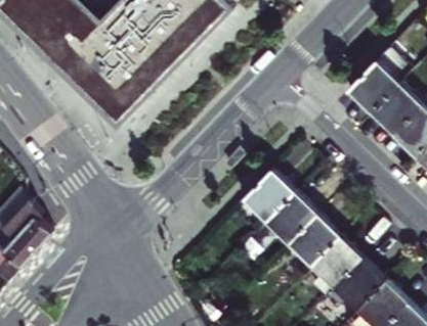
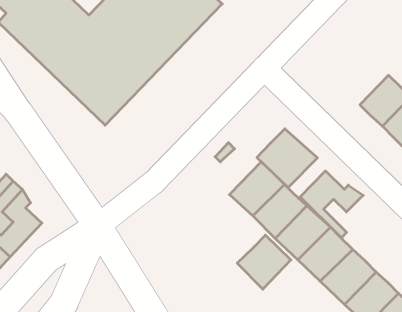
building: [351,62,401,112] -> none
building: none -> [257,129,317,188]
building: none -> [300,171,363,238]
building: none -> [237,235,291,289]

